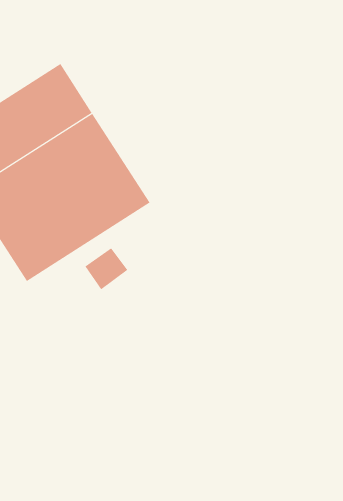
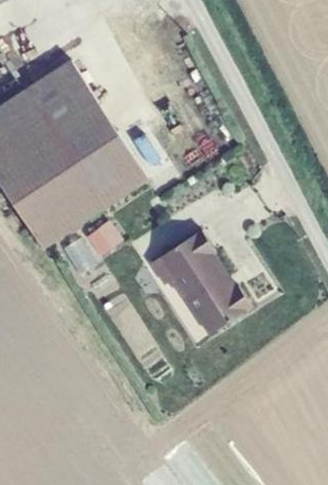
building: none -> [147,230,247,335]

